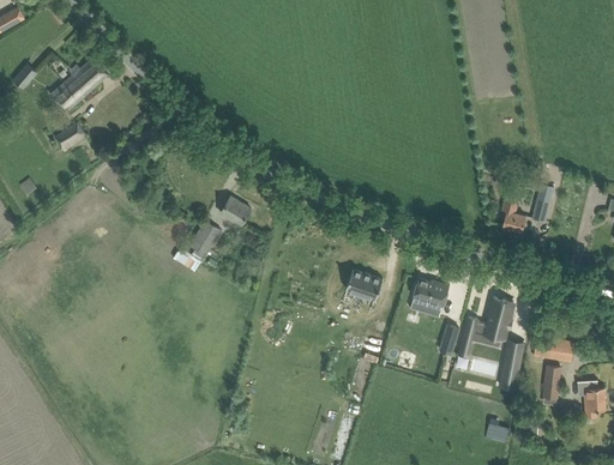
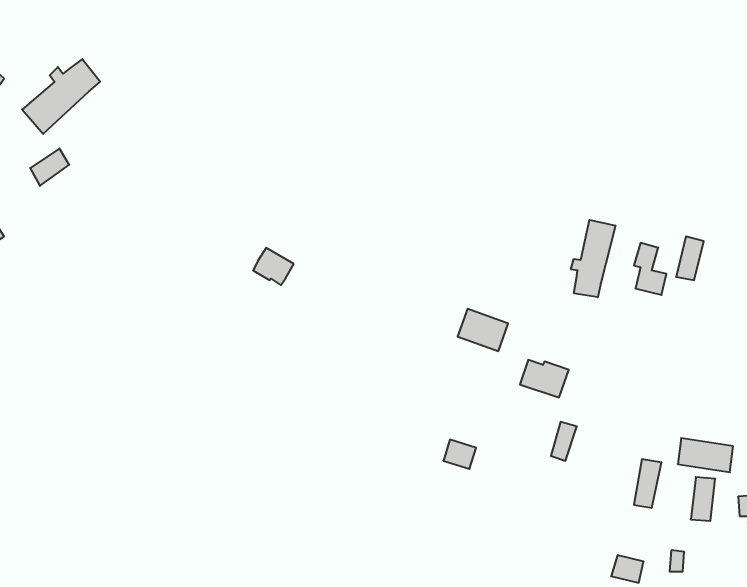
building: none -> [571,220,616,297]
building: [188,221,219,261] -> none
building: [344,268,381,300] -> [458,309,508,351]
building: [462,297,514,348] -> none

